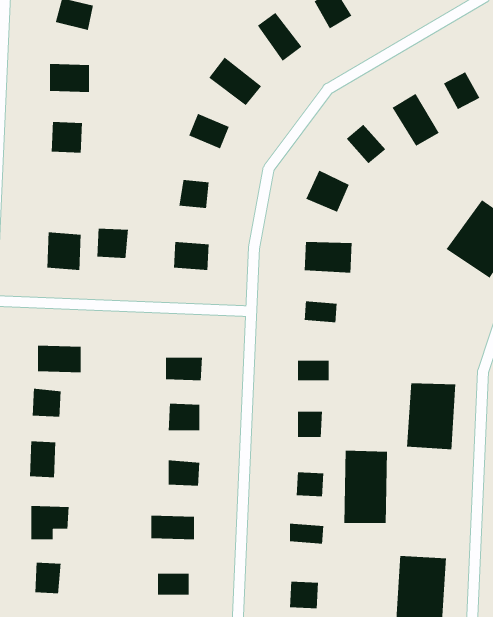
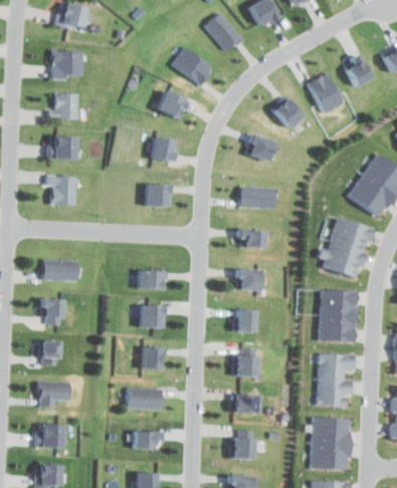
building: [97,228,129,259] -> [51,137,75,160]
building: none -> [320,216,373,274]
building: [343,450,388,524] -> [317,353,350,409]

